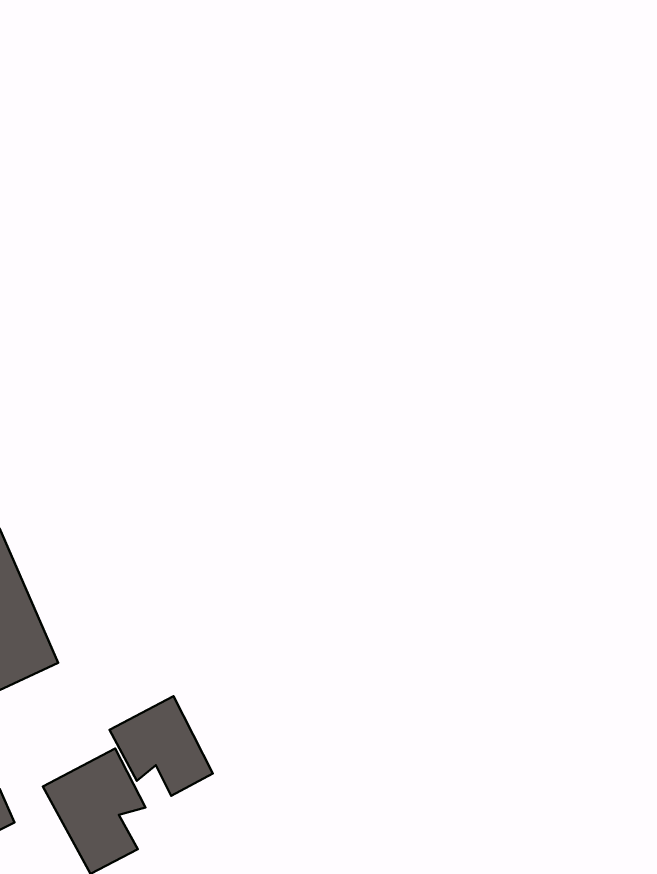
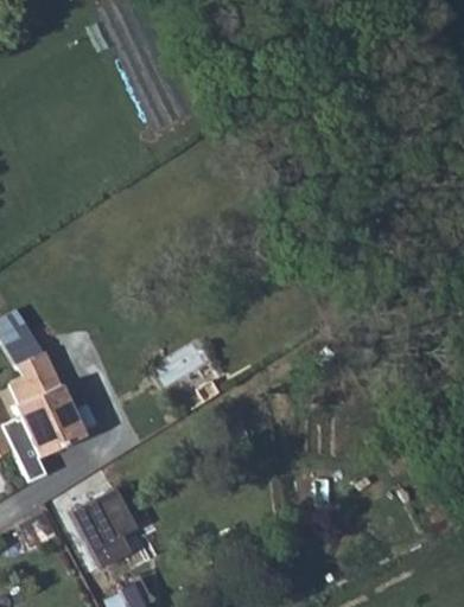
building: [110,696,213,796] -> none

